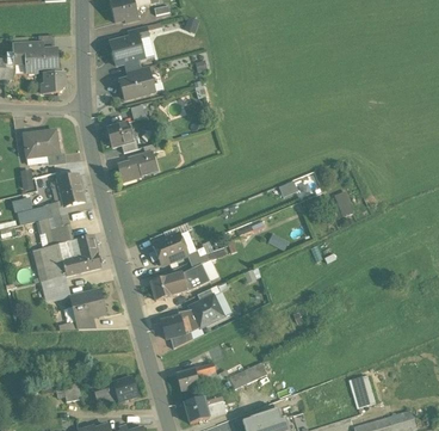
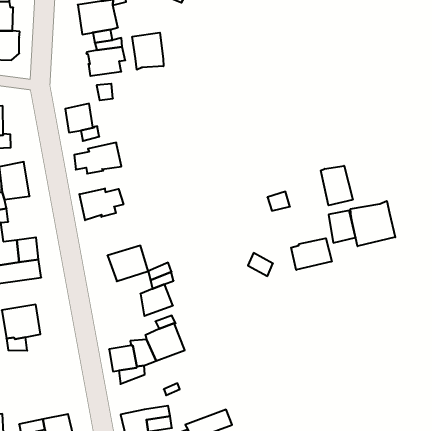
building: none -> [132,33,163,70]
building: none -> [321,166,353,205]
building: none -> [351,201,395,246]
building: none -> [79,188,123,220]
building: none -> [291,238,332,270]
building: [149,272,186,300] -> none

